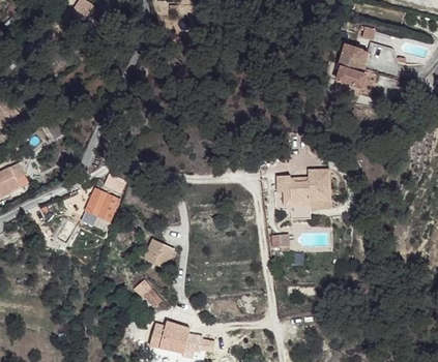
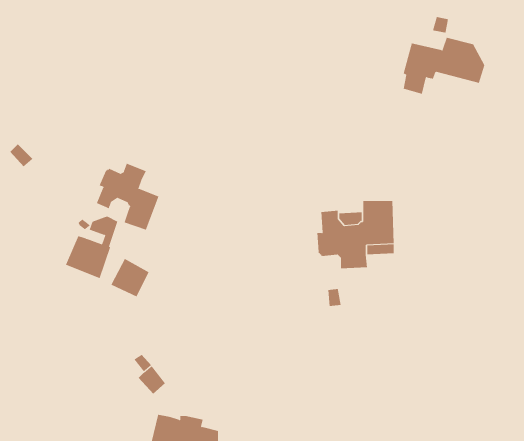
building: none -> [96,163,159,230]
building: [144,240,173,269] -> [110,258,150,297]

